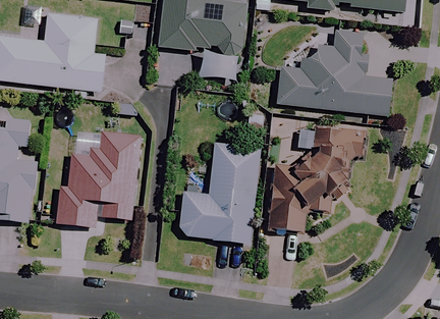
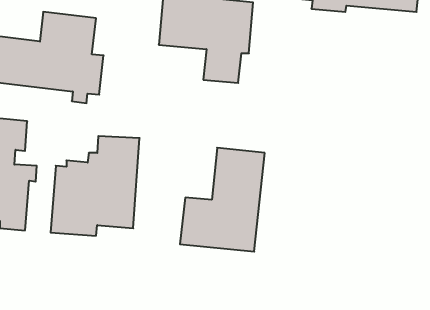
building: [276,28,393,116] -> none
building: [265,124,365,232] -> none

